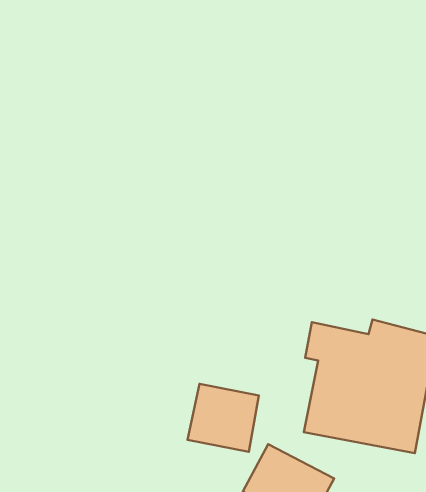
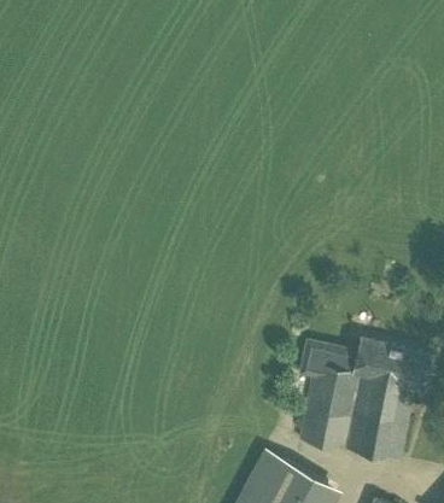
building: [187,384,259,452] -> none

